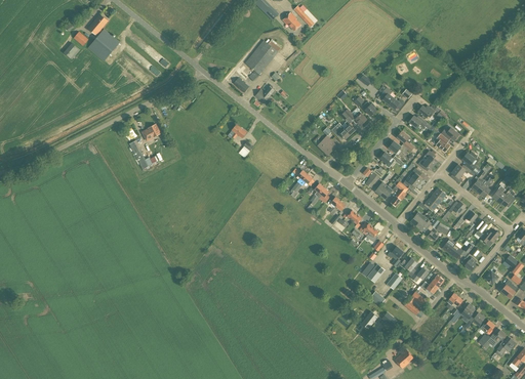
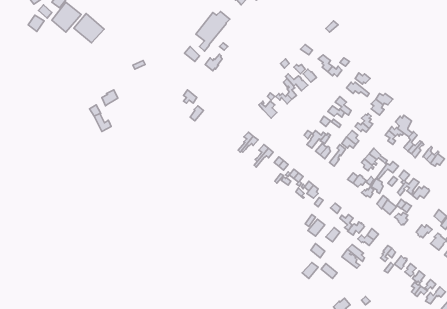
building: none -> [74,13,104,43]

